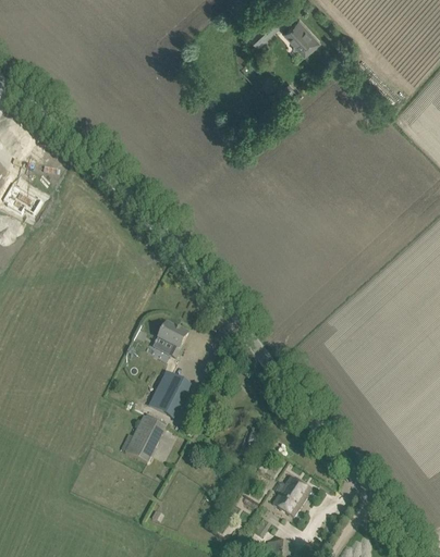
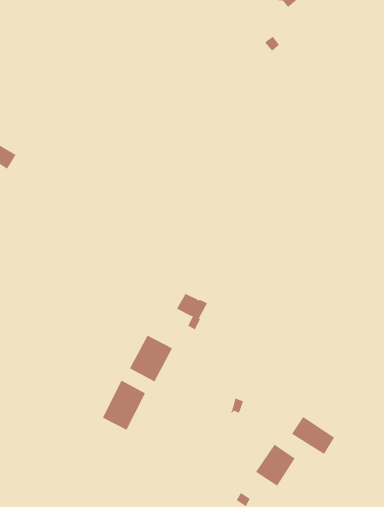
building: [158,321,188,357] -> [176,293,208,330]
building: none -> [291,416,335,455]

